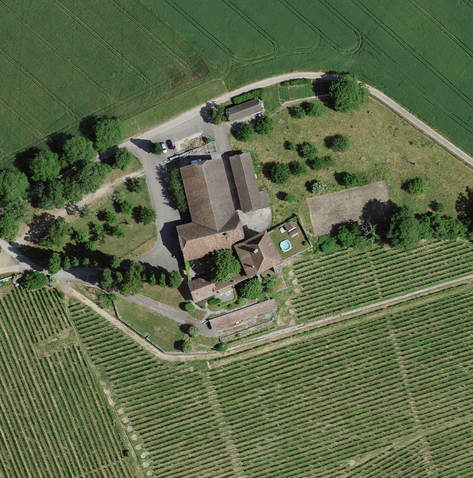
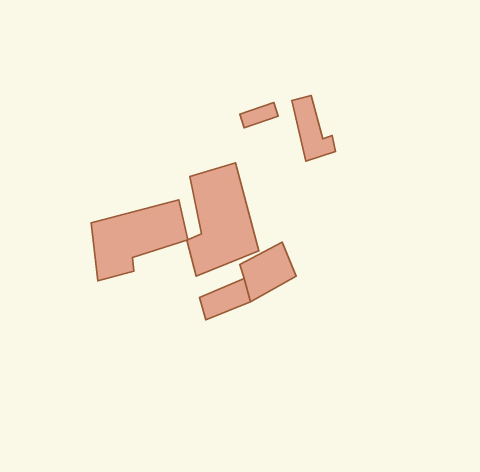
building: [230,150,271,212] -> [292,95,335,161]
building: none -> [91,200,188,281]

